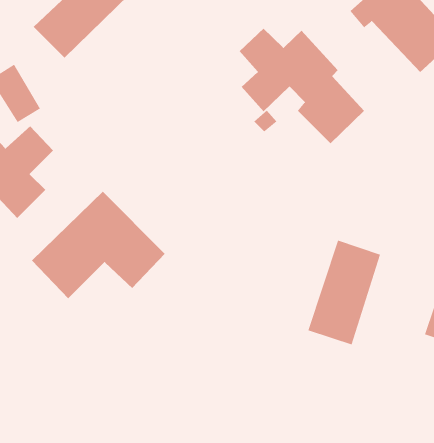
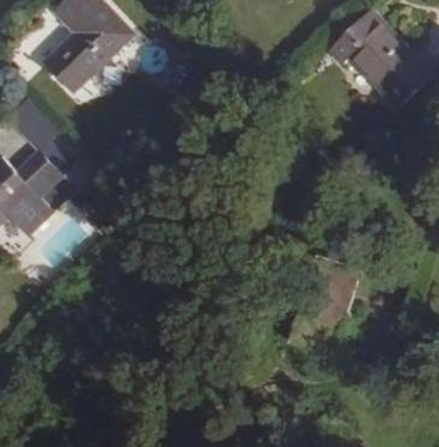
building: [239,28,365,144] -> none
building: [31,191,166,299] -> none

